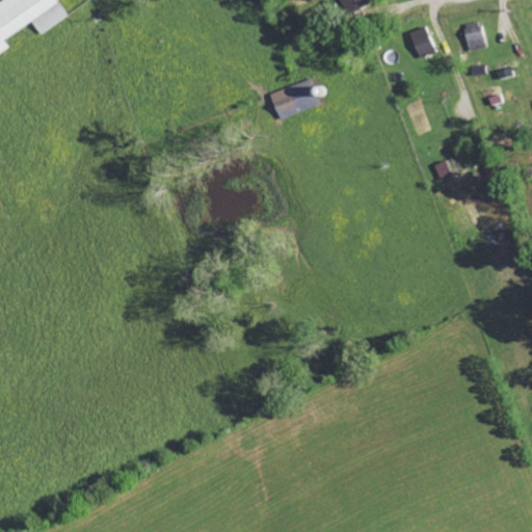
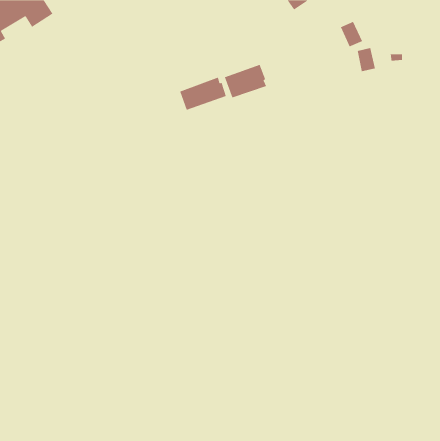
building: [462,21,485,51] -> [357,47,376,72]
building: none -> [179,77,227,111]

